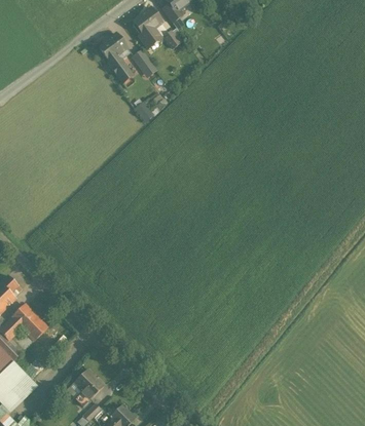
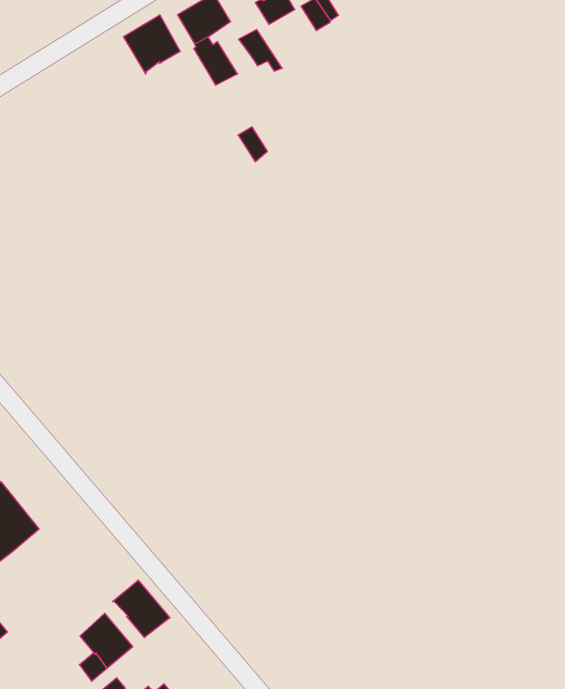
building: none -> [123,15,180,74]
building: none -> [113,580,170,638]

